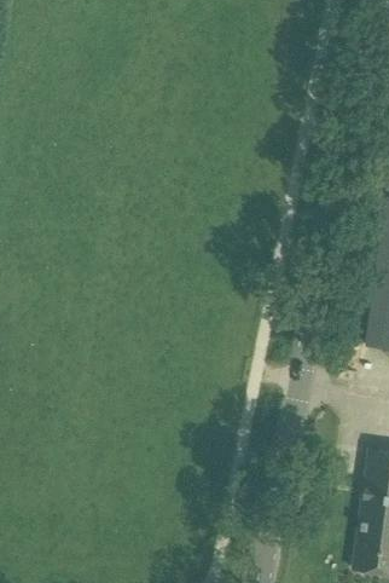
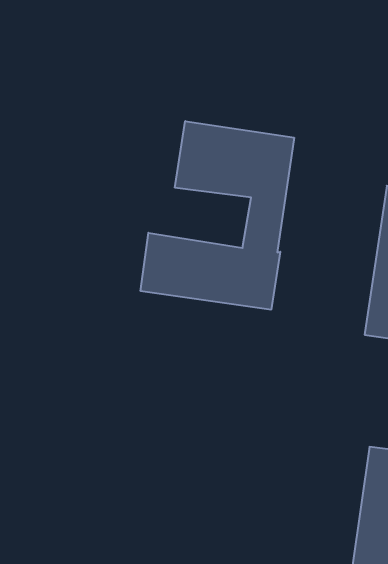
building: none -> [141,121,294,310]

